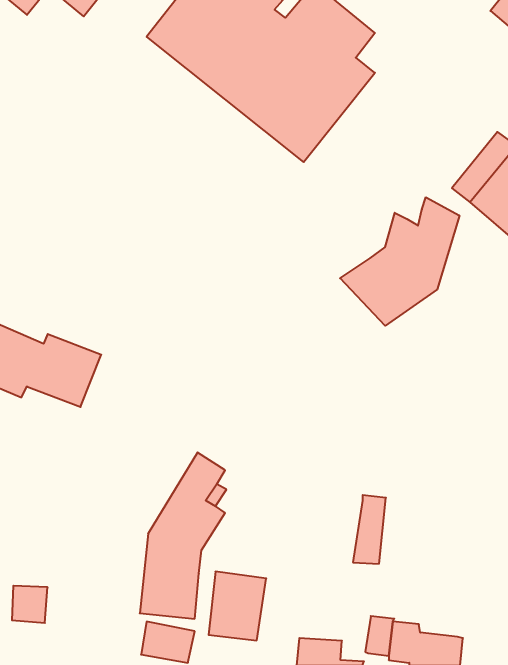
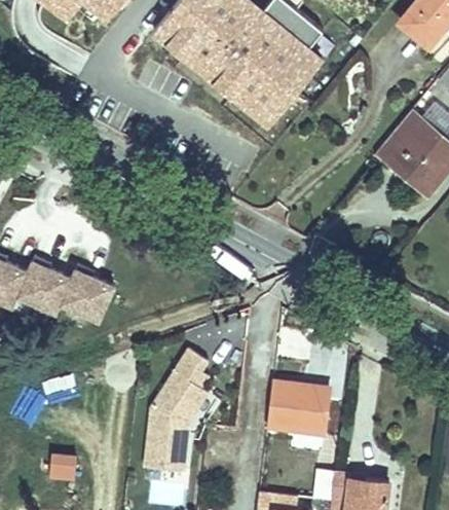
building: [340,197,459,326] -> none
building: [209,572,266,640] -> [268,380,311,432]

